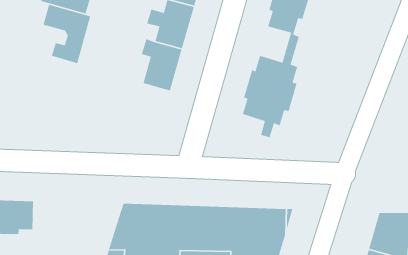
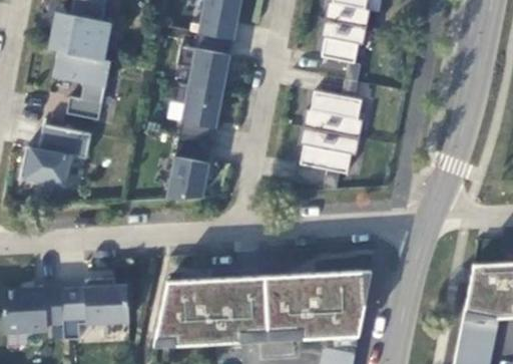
building: none -> [20,125,91,187]
building: none -> [166,137,212,201]
building: none -> [61,279,128,341]

